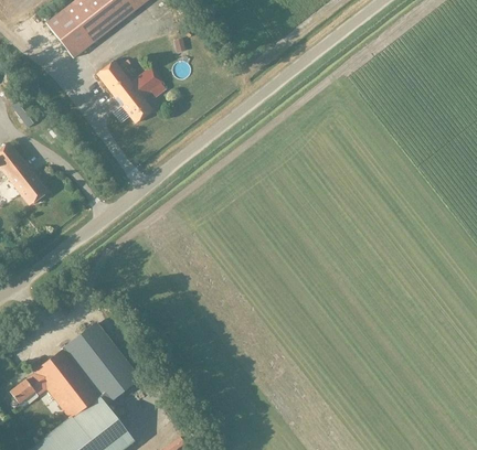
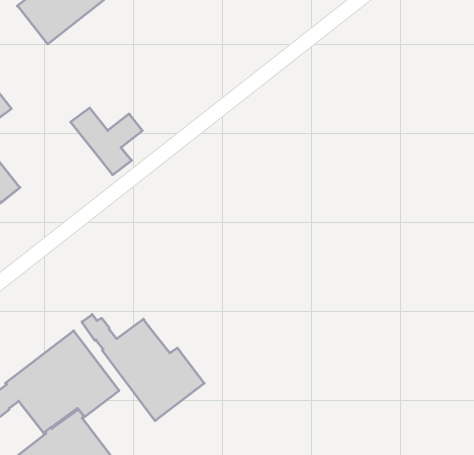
building: [96,61,162,122] -> [71,108,142,175]
building: none -> [82,314,204,421]

